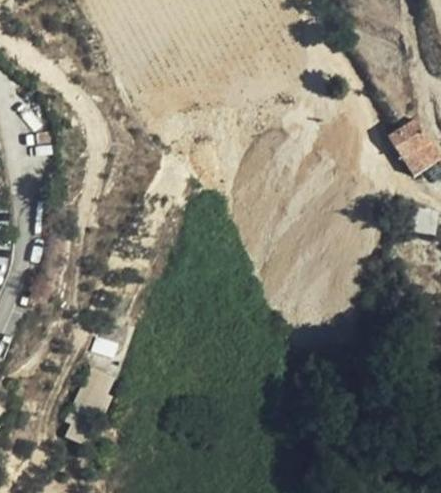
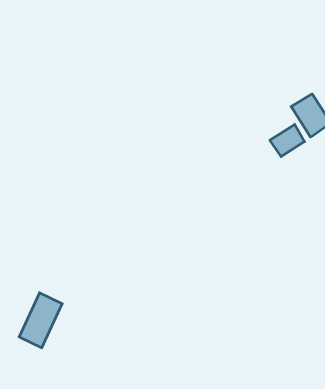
building: none -> [270,124,305,157]

